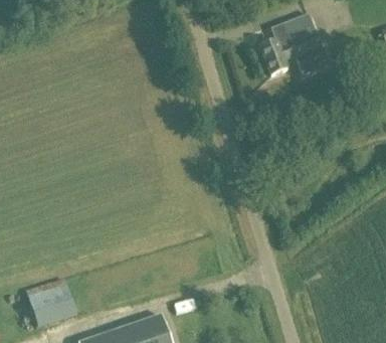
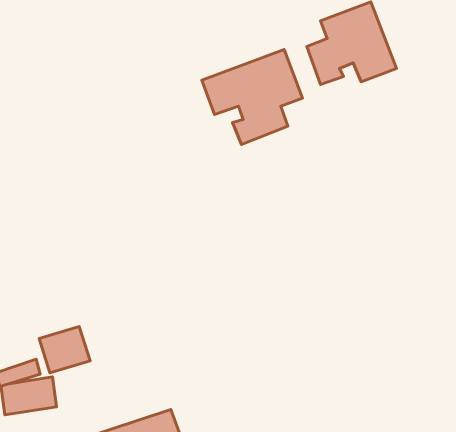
building: none -> [202,49,303,145]
building: none -> [39,326,90,373]

